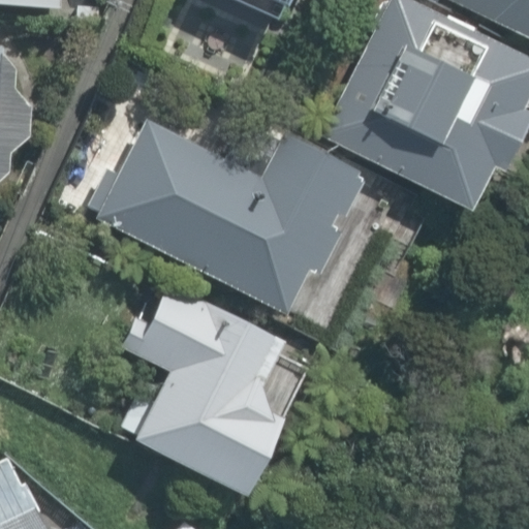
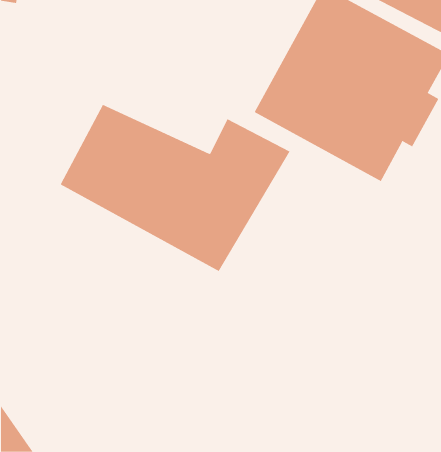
building: [105,287,291,479] -> none

